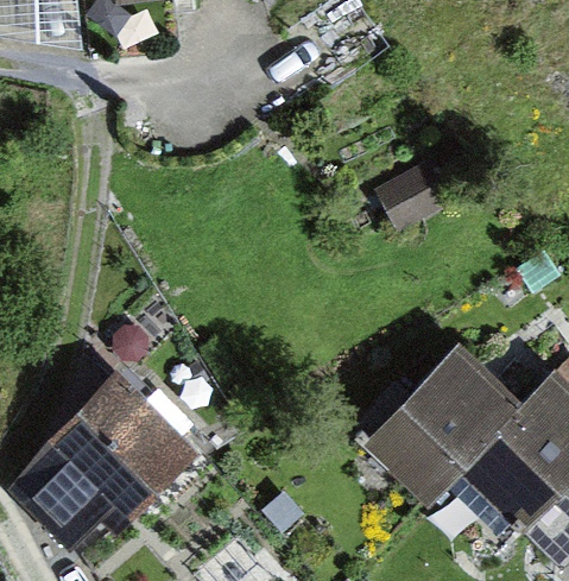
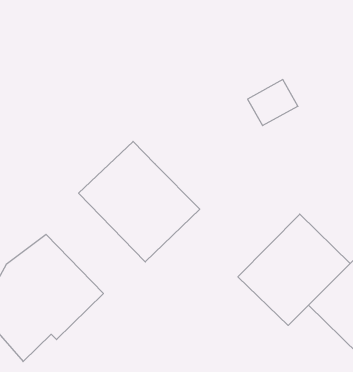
building: none -> [79,141,200,262]

